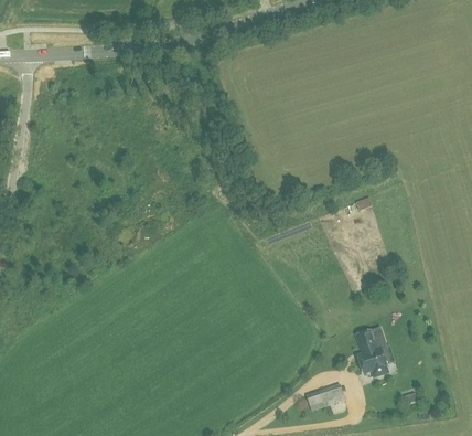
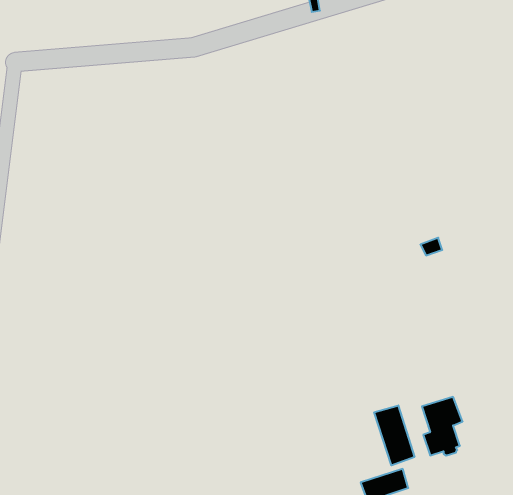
building: none -> [374,405,414,465]

